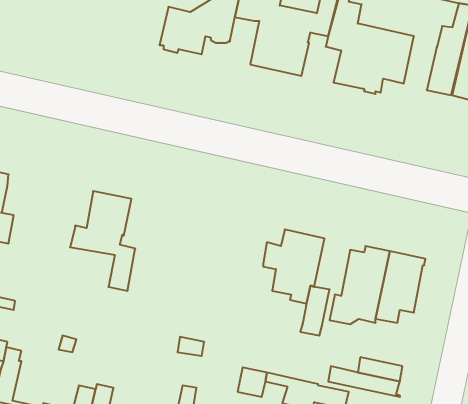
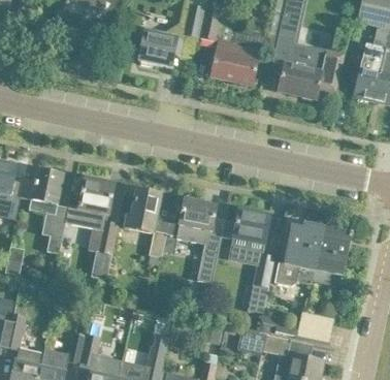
building: none -> [29,168,69,253]
building: none -> [124,188,166,264]
building: none -> [175,197,224,281]

